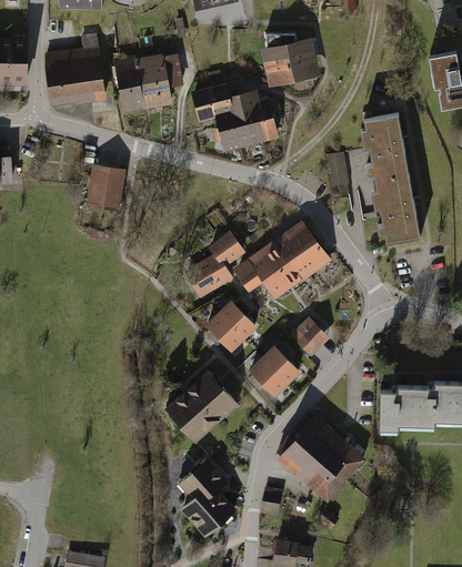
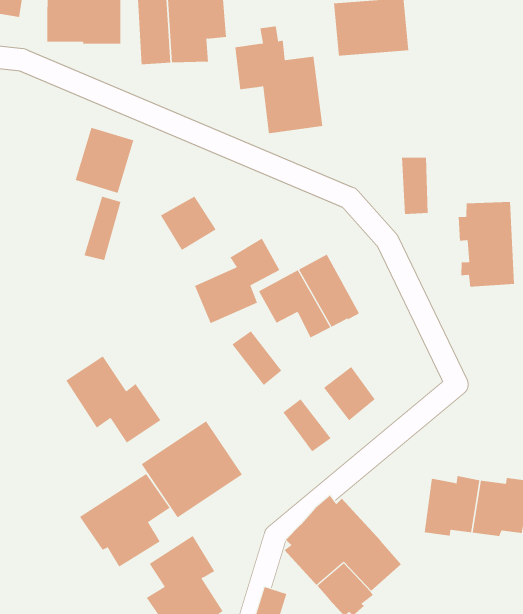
building: [250,87,279,140] -> none
building: [361,115,410,183] -> none
building: none -> [160,196,216,251]
building: none -> [84,196,121,261]
building: [279,219,331,275] -> none
building: [204,311,244,351] -> none
building: none -> [66,356,161,443]
building: [248,356,287,396] -> none
building: none -> [79,473,171,567]

